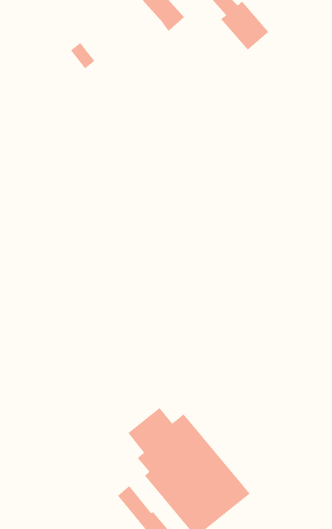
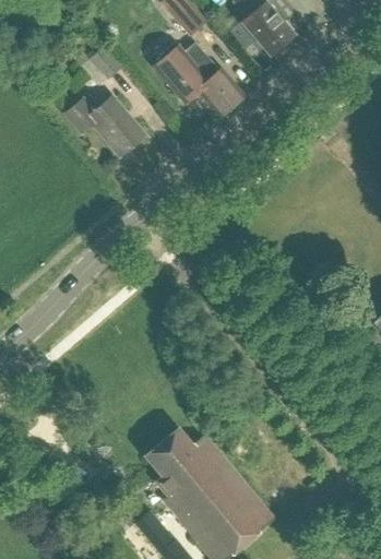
building: none -> [154,46,247,119]
building: none -> [66,97,146,158]

